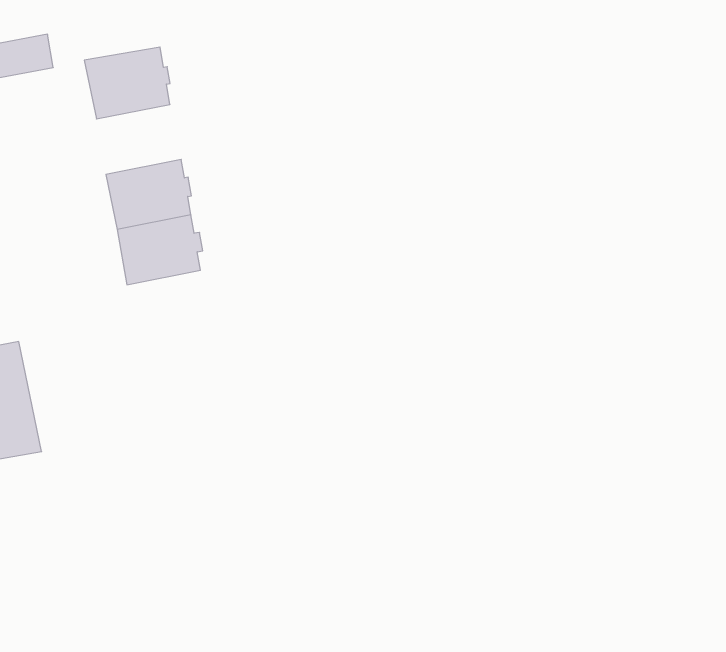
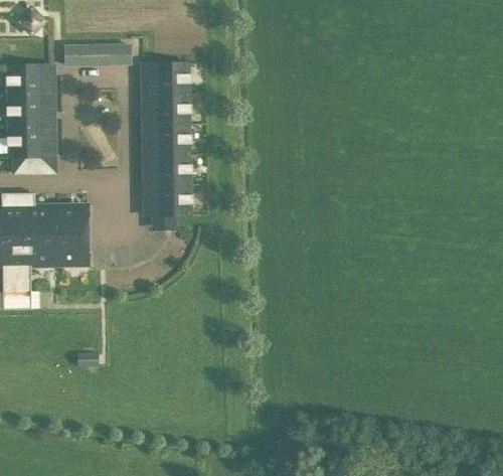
building: none -> [148,94,191,125]
building: none -> [149,184,192,216]

